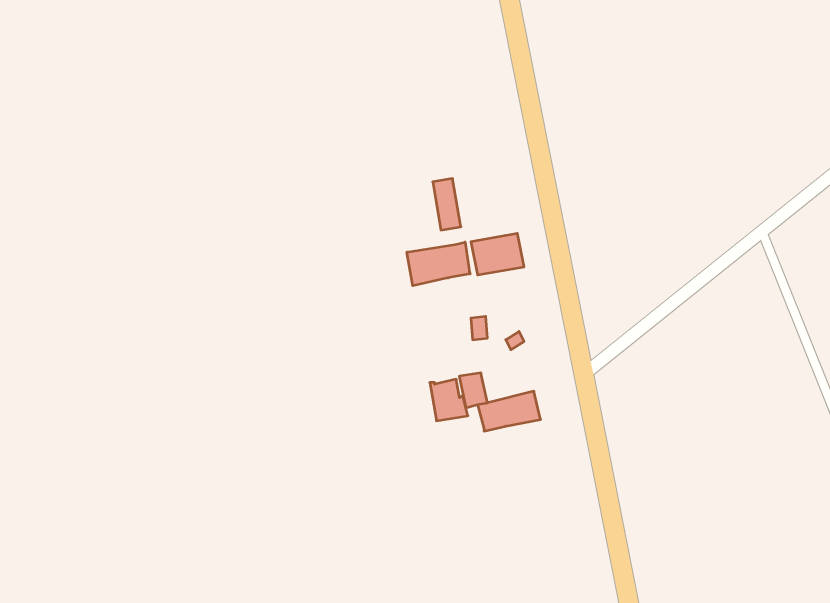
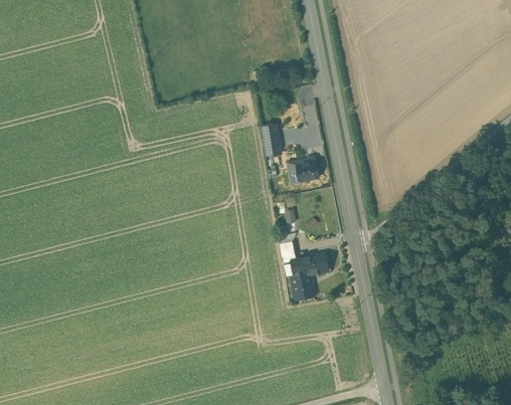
building: [407,242,470,286] -> none
building: [430,379,468,421] -> [291,274,314,299]

